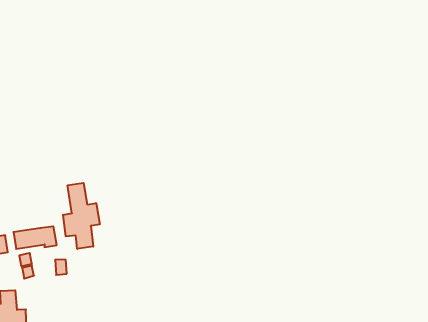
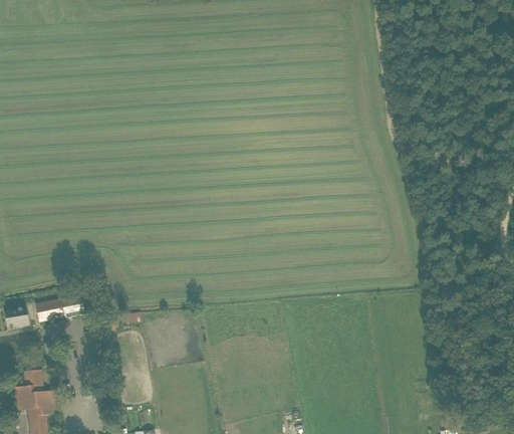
building: [63,183,100,249] -> none

